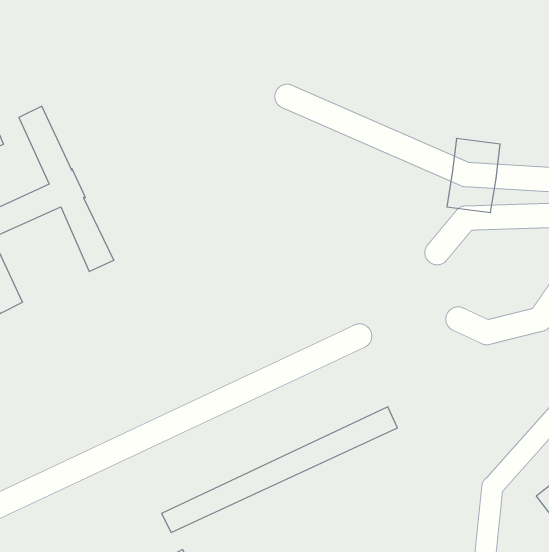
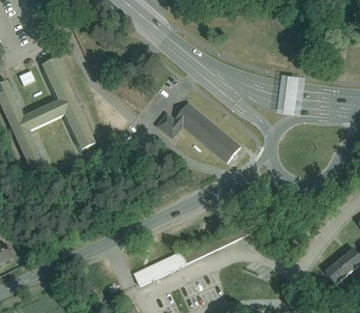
building: none -> [157,102,239,162]

